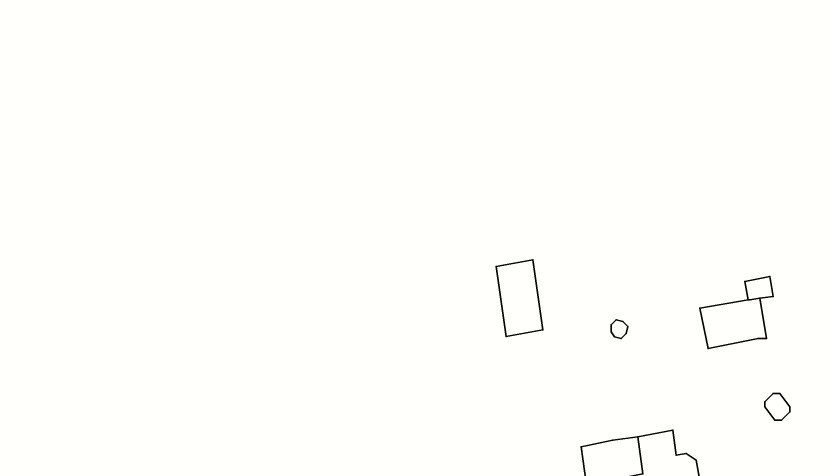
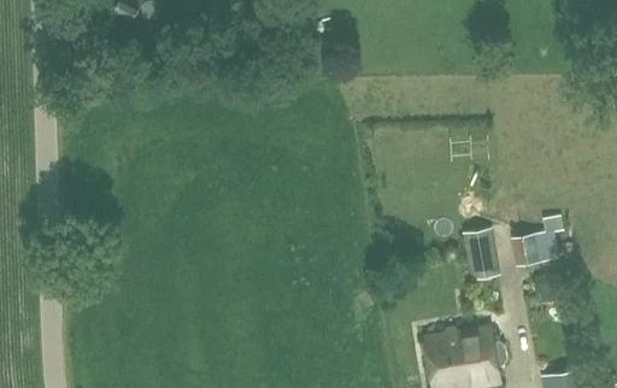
building: [496,260,543,337] -> [463,224,496,280]

